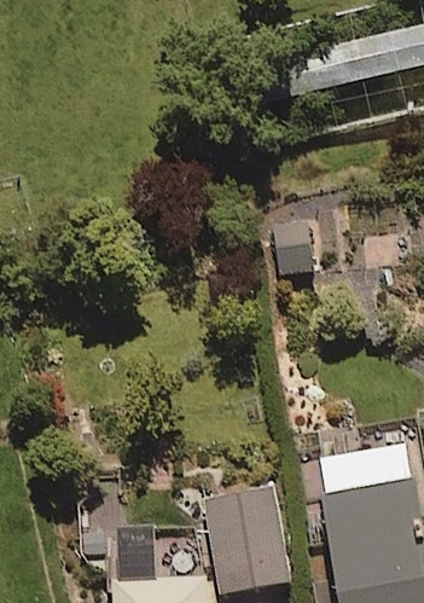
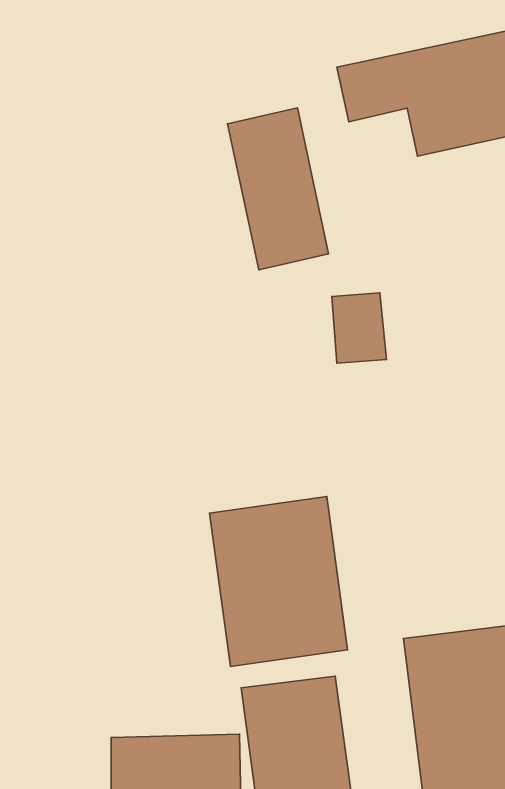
building: none -> [227,108,329,270]
building: none -> [210,496,348,667]

